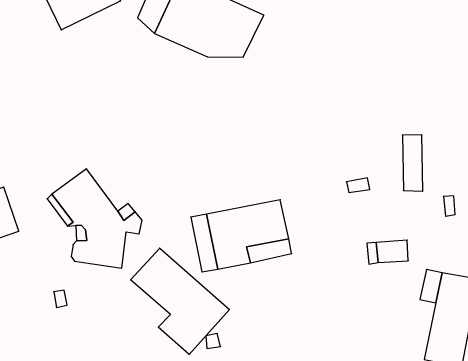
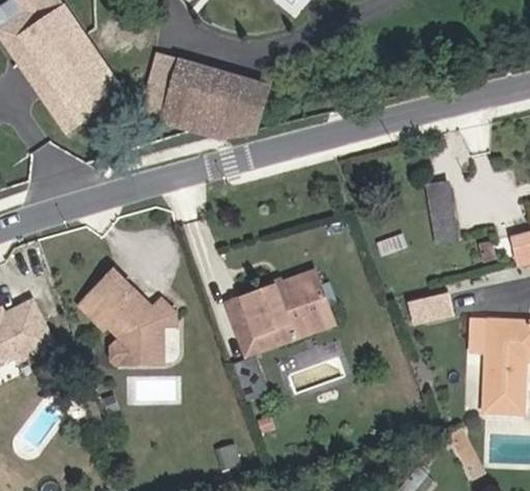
building: [131,248,229,354] -> none

